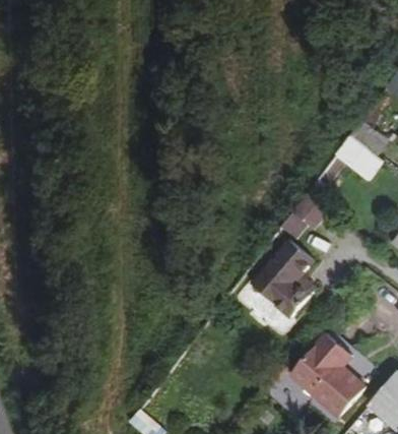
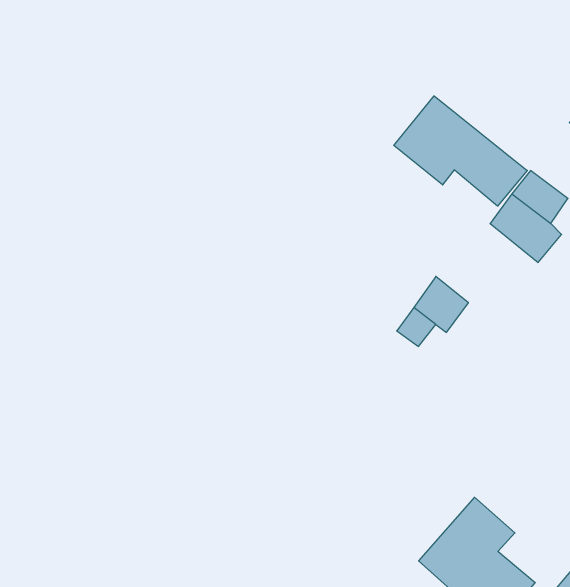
building: none -> [394,96,527,206]
building: [247,237,310,316] -> none

